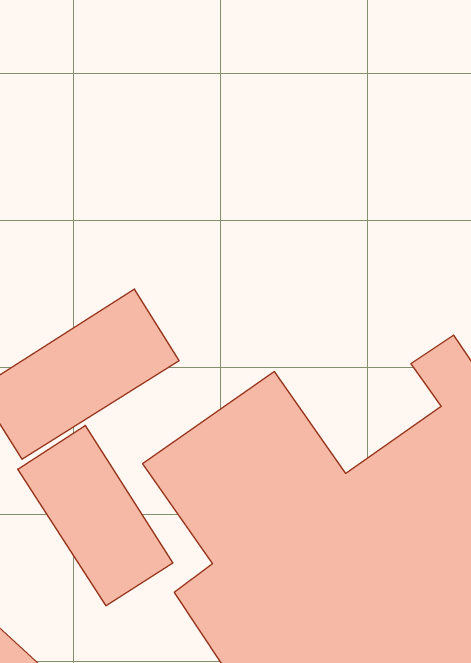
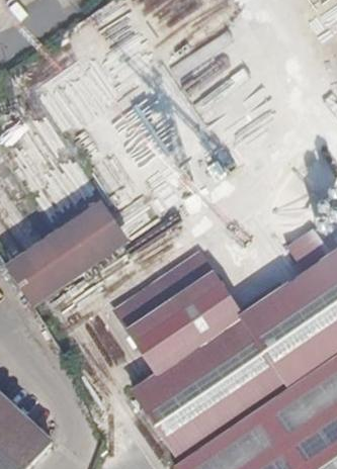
building: [18,425,173,606] -> none

